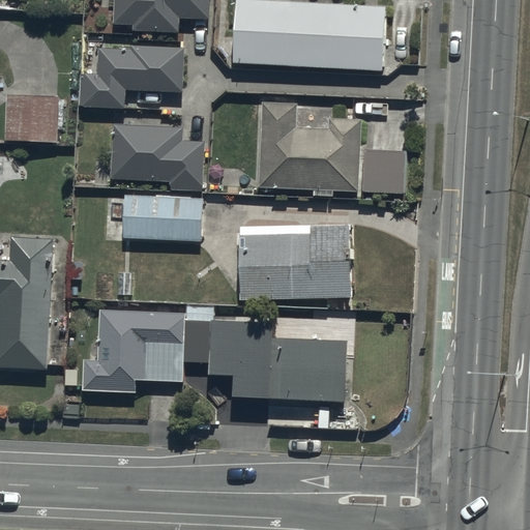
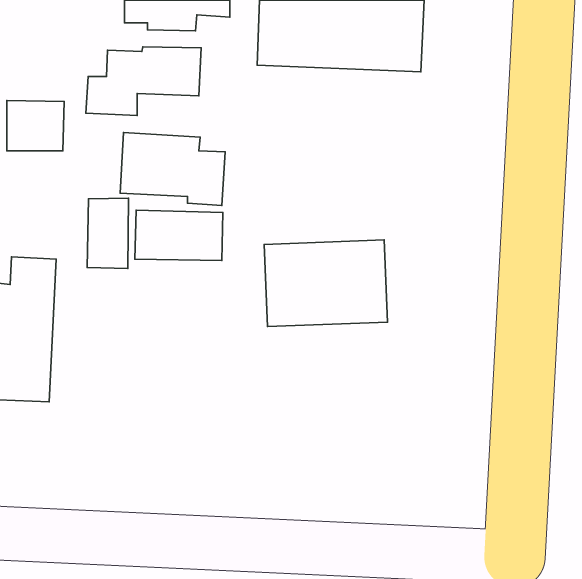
building: [259,102,405,197] -> none
building: none -> [87,198,128,268]
building: [82,310,182,393] -> none
building: [209,317,347,399] -> none

